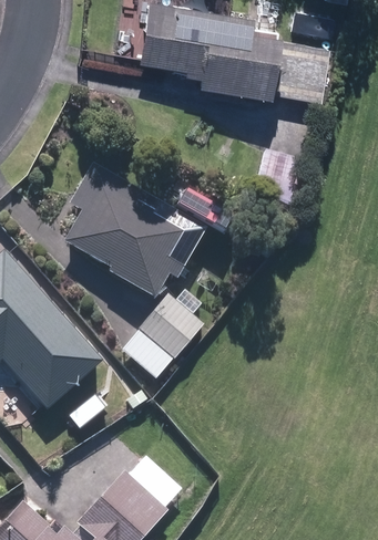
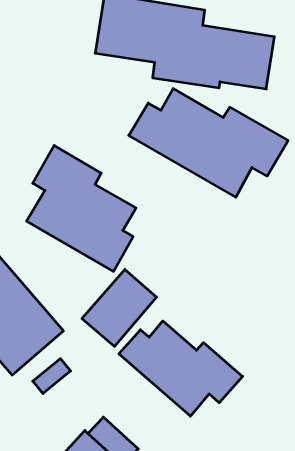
building: none -> [129,89,288,197]
building: none -> [119,321,243,416]

